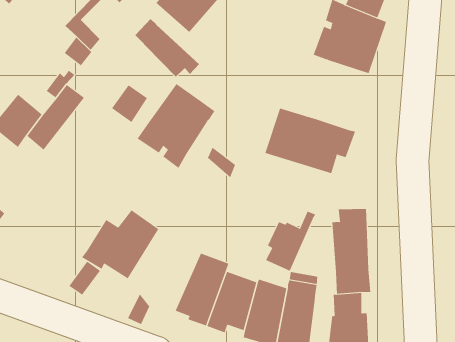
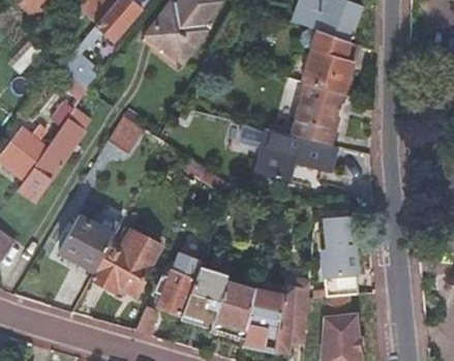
building: [134,18,200,77] -> none
building: none -> [291,81,345,144]
building: [137,83,215,169] -> none
building: none -> [58,213,114,269]
building: [265,211,316,272] -> [157,258,202,314]

